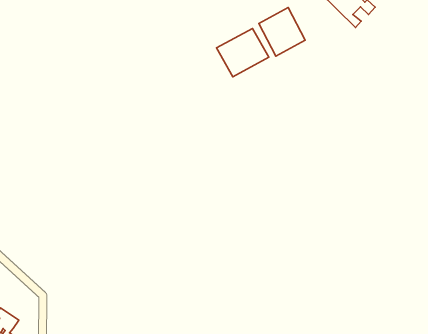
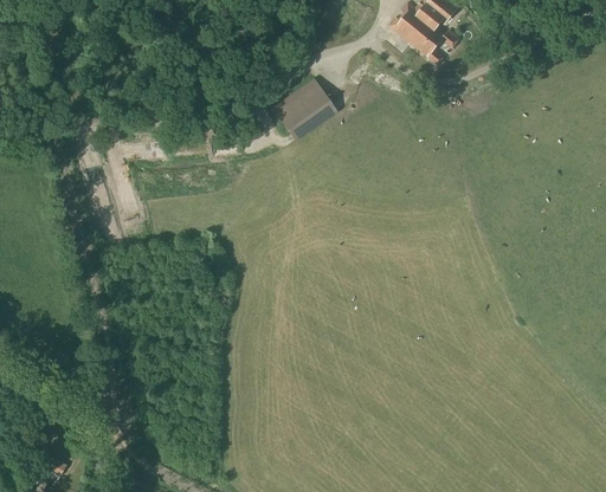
building: [259,8,305,56] -> none

